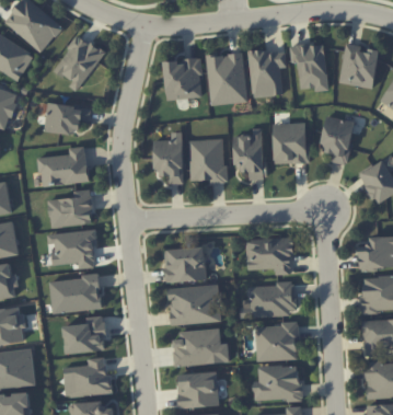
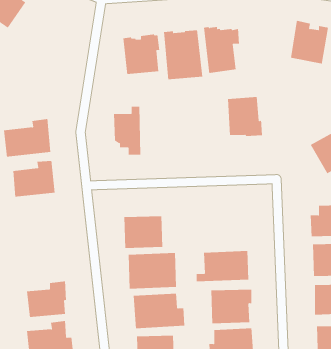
building: [54,35,104,92] -> none
building: [289,42,328,91] -> none
building: [44,102,91,135] -> none
building: [321,117,354,163] -> none
building: [233,128,266,180] -> none
building: [188,139,228,183] -> none
building: [47,230,97,268] -> none
building: [246,238,292,275] -> none
building: [49,275,103,314] -> none

